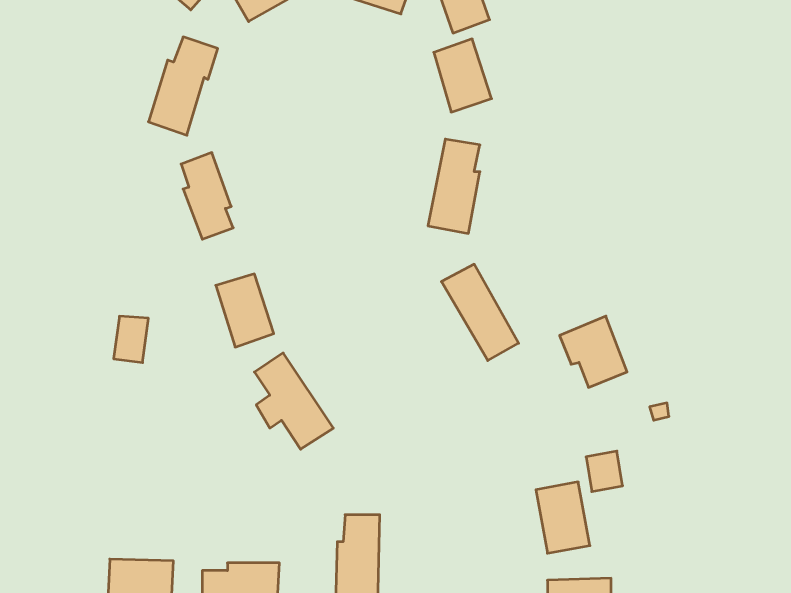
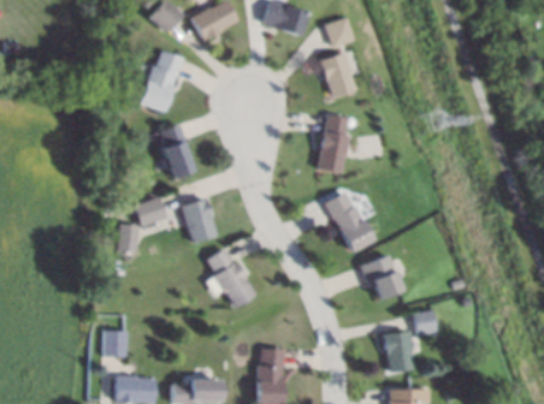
building: none -> [136,196,168,226]
building: [560,316,627,387] -> [361,255,403,299]
building: none -> [106,329,130,358]

